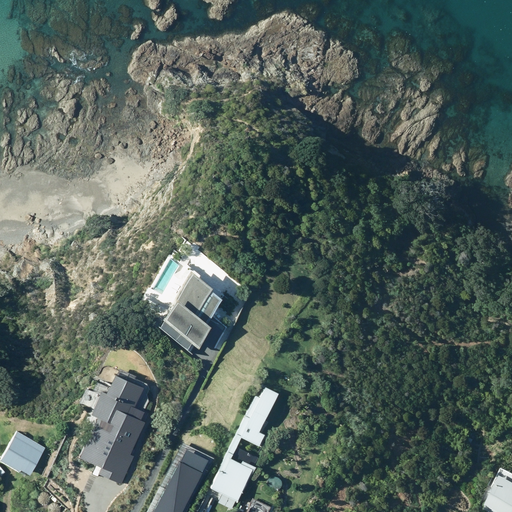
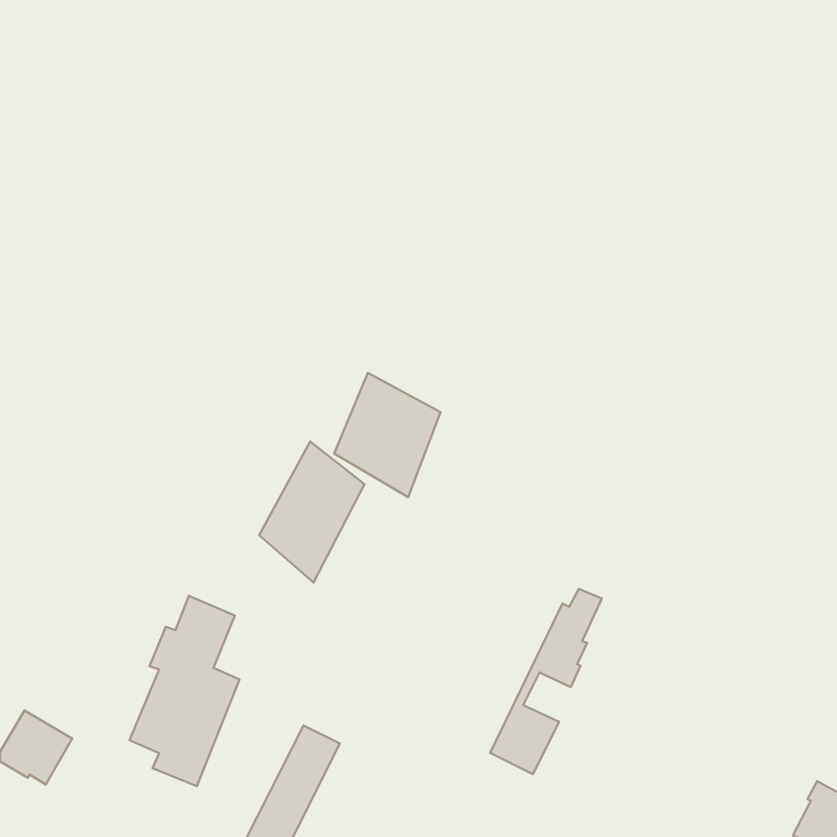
building: none -> [334,373,440,497]
building: [211,390,279,503] -> [490,589,602,774]

